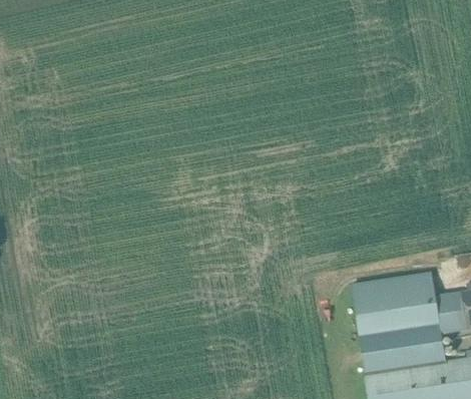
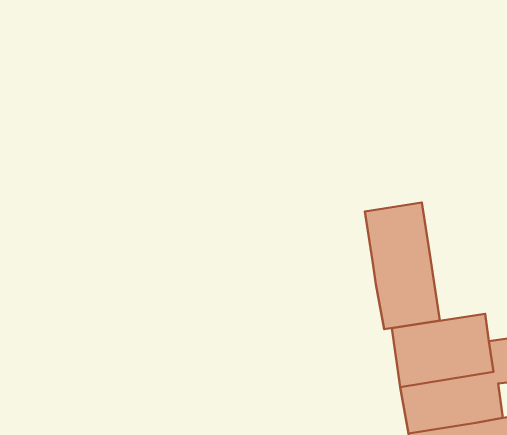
building: none -> [365,203,440,329]

